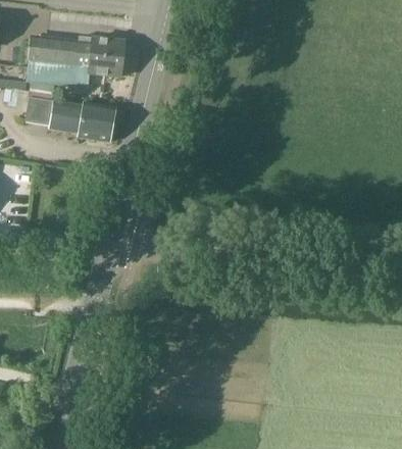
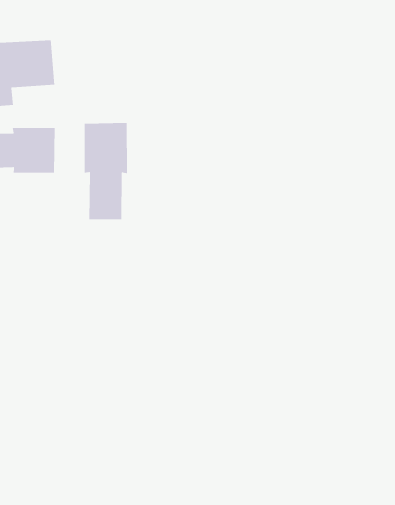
building: none -> [84,122,128,220]

